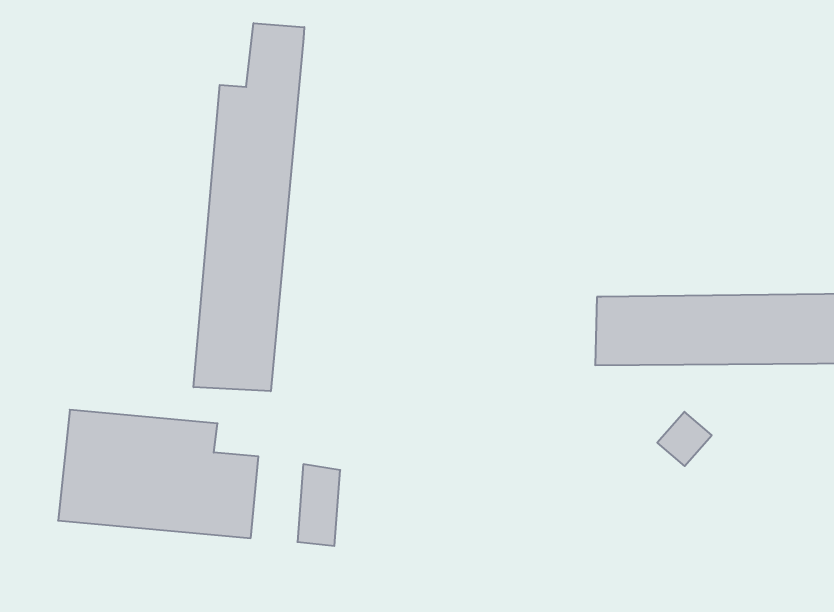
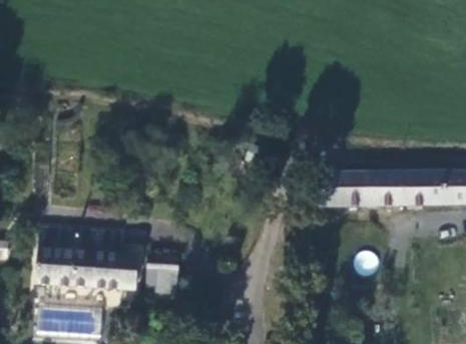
building: [194,23,304,391] -> none

